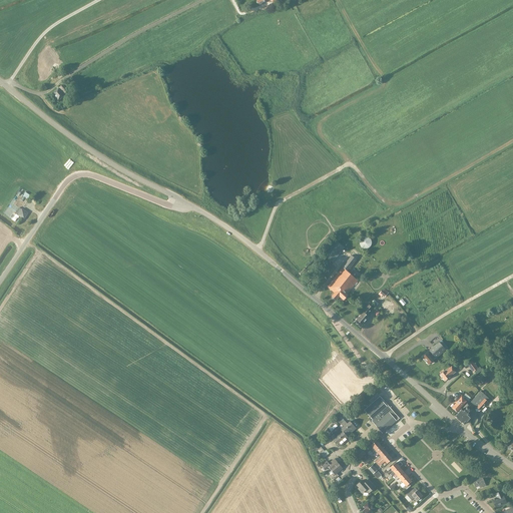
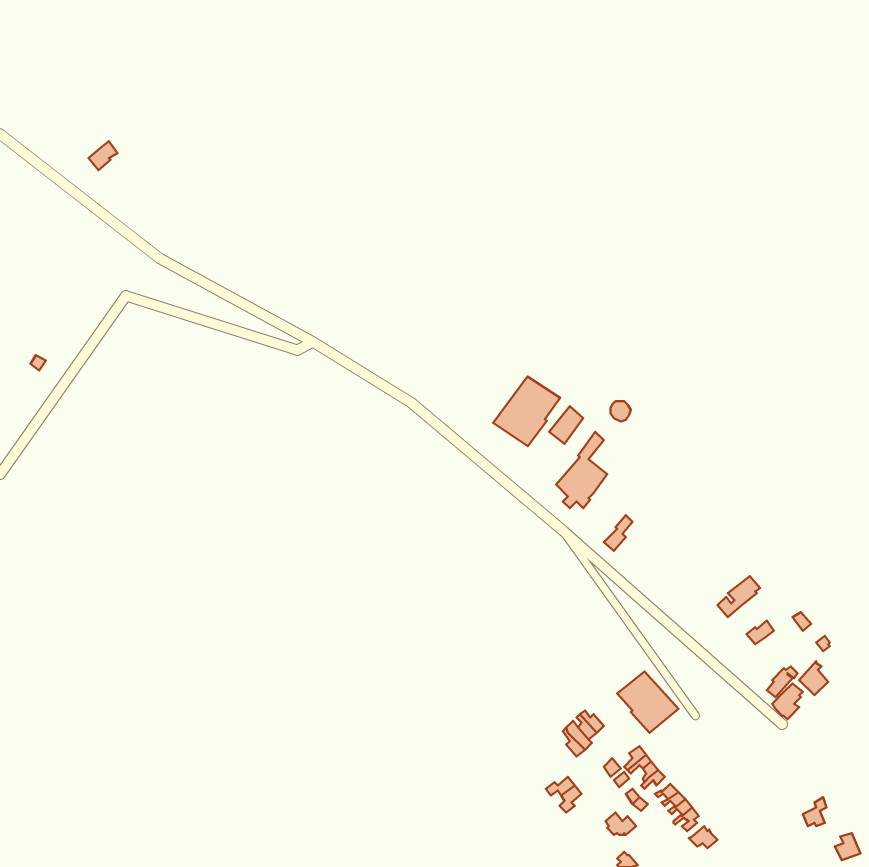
building: none -> [493,377,560,446]

